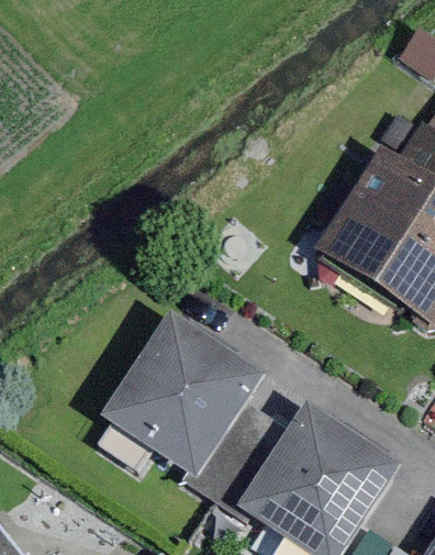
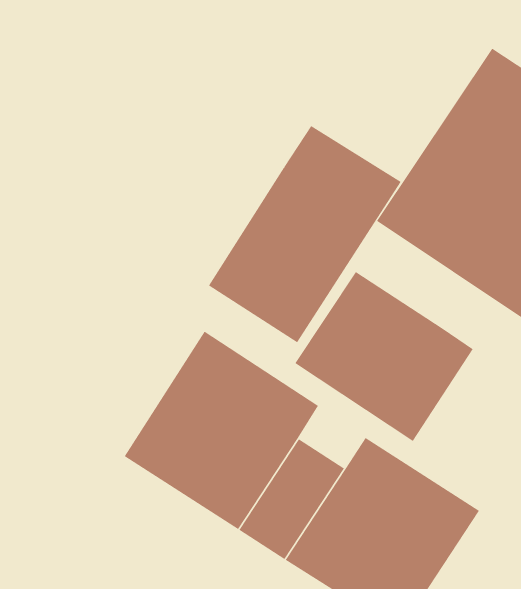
building: none -> [208,125,401,343]
building: none -> [294,271,473,442]

